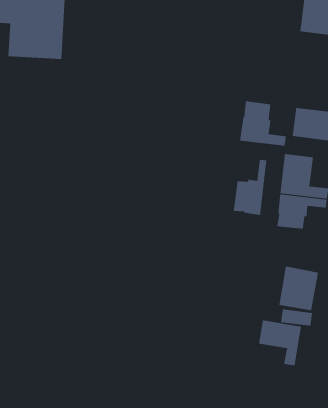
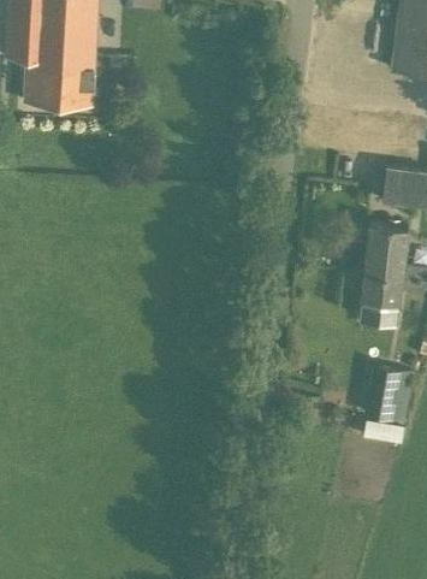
building: [239,100,286,147] -> none
building: [233,159,267,216] -> none
building: [259,319,302,366] -> none

